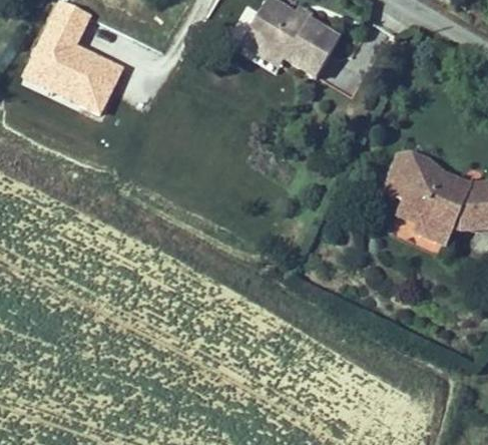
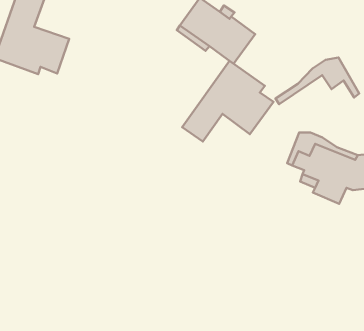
building: none -> [275,57,359,104]
building: none -> [182,61,273,141]

